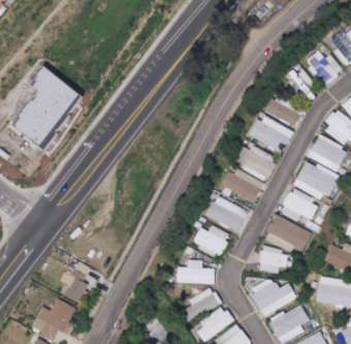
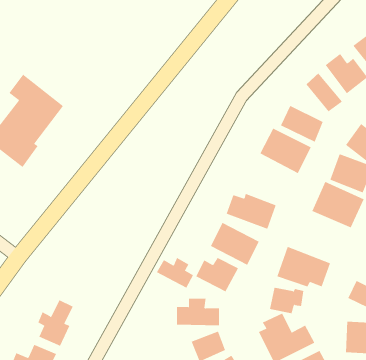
building: [237,144,277,179] -> none
building: [280,187,317,220] -> none
building: none -> [156,257,194,288]

